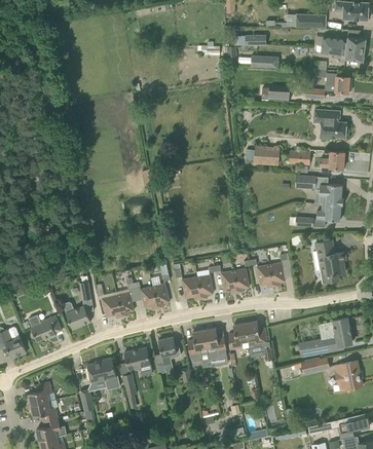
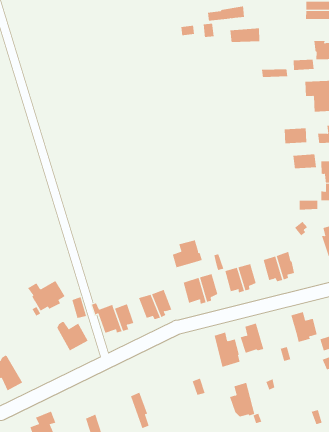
building: [246,145,279,165] -> none
building: none -> [172,239,202,268]
building: [28,314,62,341] -> [27,280,66,312]
building: [245,321,267,348] -> [290,311,318,343]
building: [187,330,209,361] -> [229,382,255,417]
building: [155,337,181,366] -> none
building: [124,346,153,375] -> none
building: [87,358,120,387] -> none

